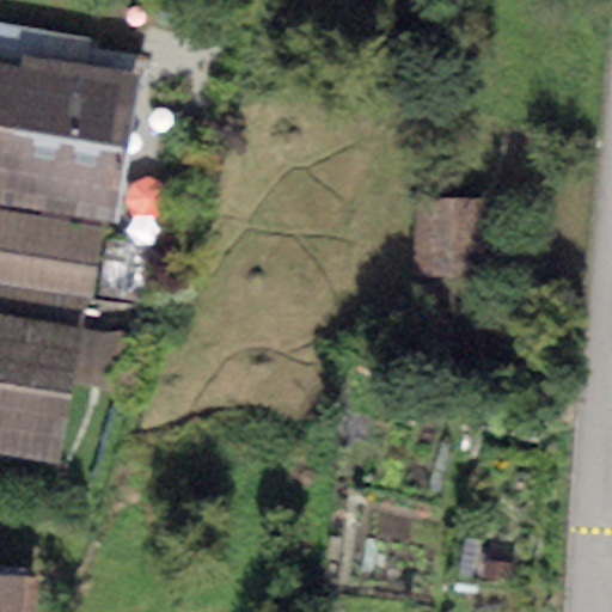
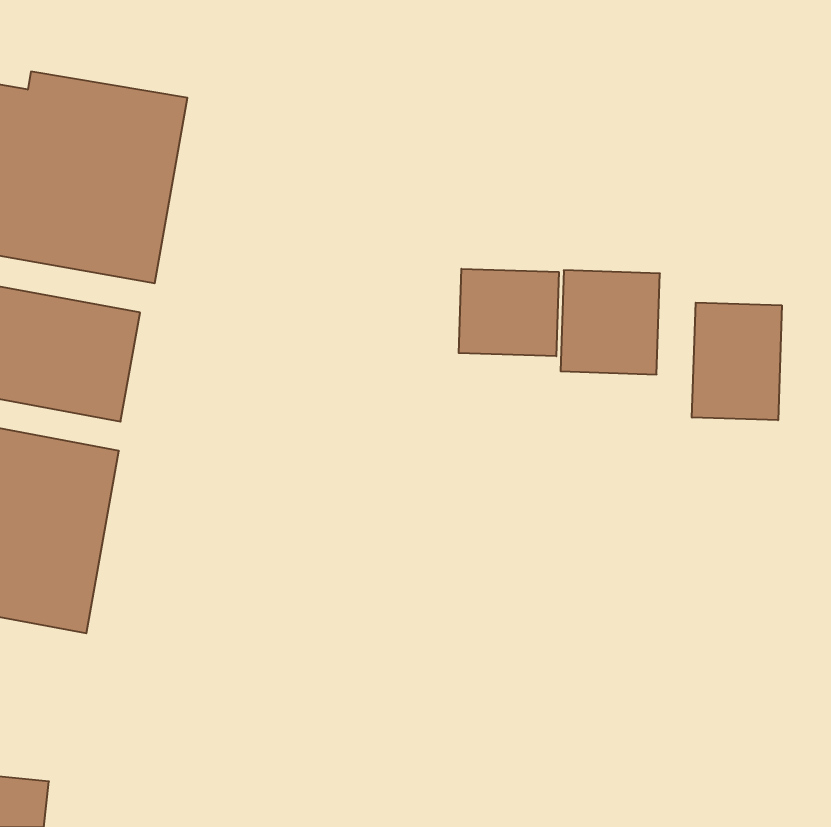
building: none -> [459,269,559,356]
building: none -> [692,303,782,420]

